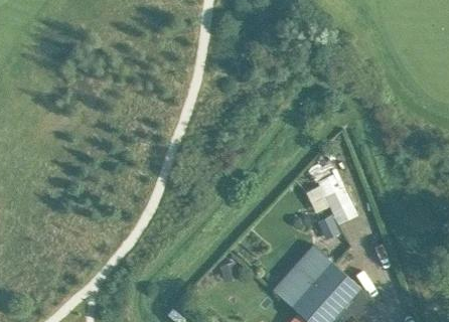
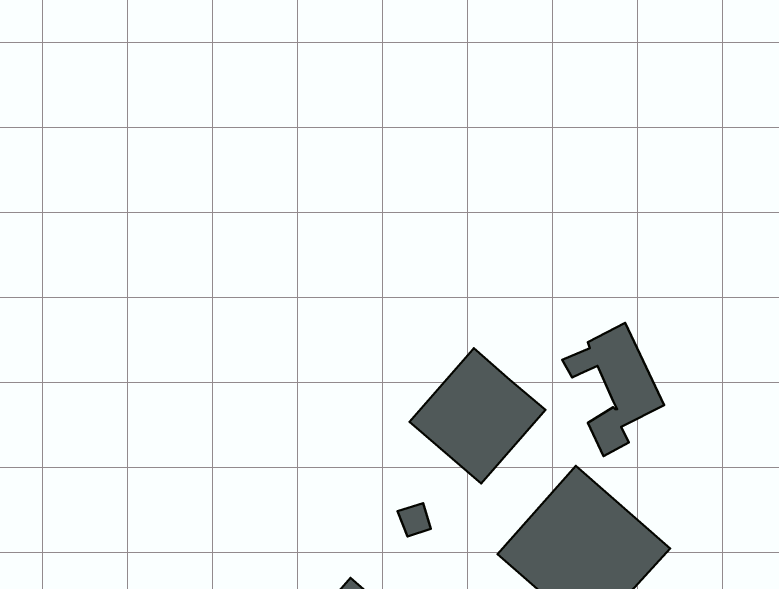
building: none -> [409,348,545,484]

